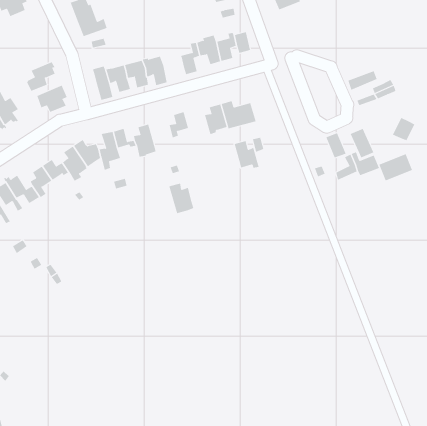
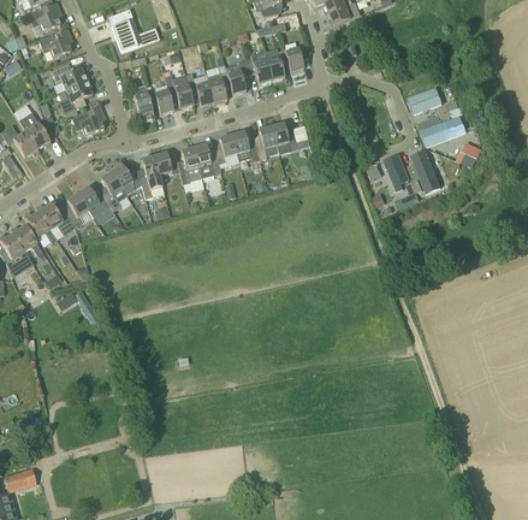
building: none -> [38,28,72,59]
building: none -> [51,63,88,89]
building: none -> [206,64,230,102]
building: [234,141,259,168] -> [231,130,259,160]
building: [378,153,413,181] -> [419,119,456,149]
building: [169,183,194,214] -> [192,143,220,177]

